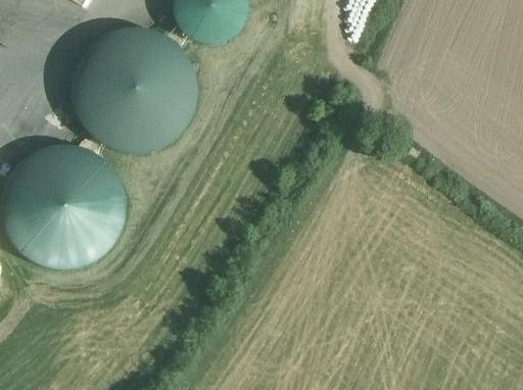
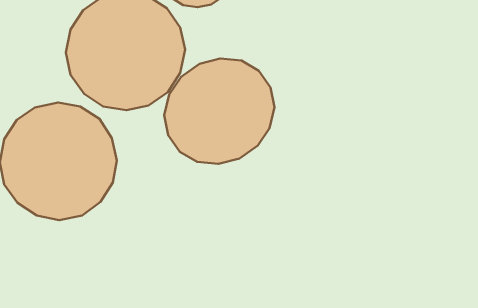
building: none -> [164,58,274,164]

